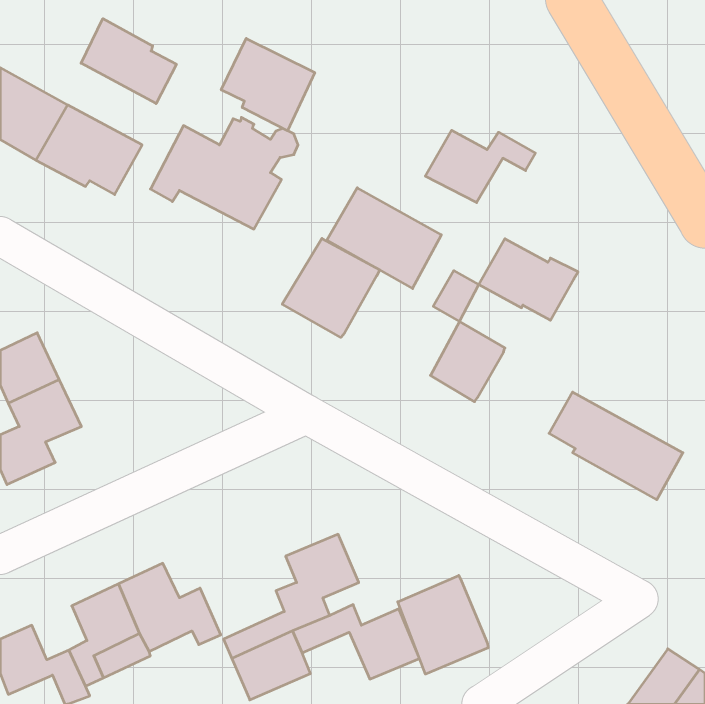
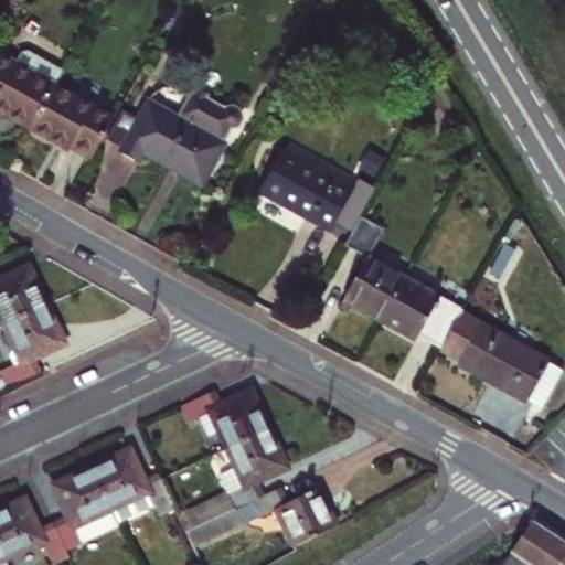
building: [81,19,176,104] -> none
building: [221,38,315,131] -> none
building: [425,130,535,203] -> none
building: [282,238,380,337] -> none
building: [479,239,578,320] -> [382,281,461,347]
building: none -> [181,387,270,445]
building: [398,575,488,674] -> none

